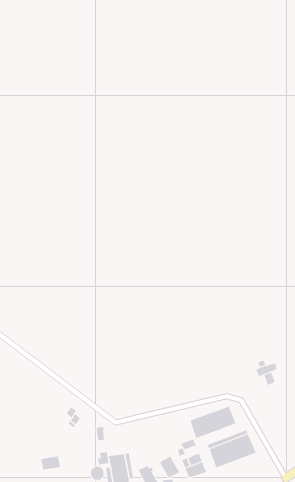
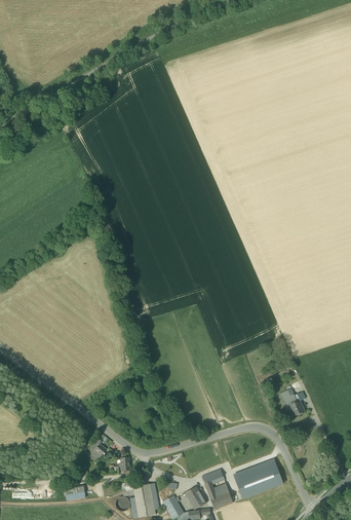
building: [190,406,236,439] -> none

